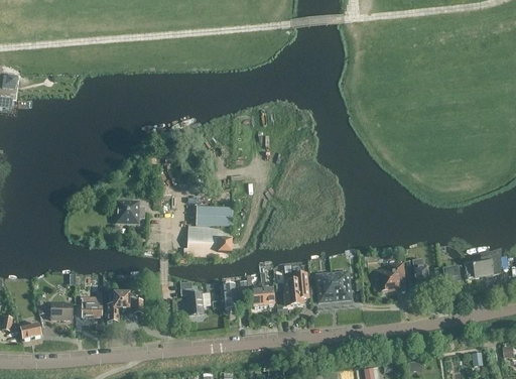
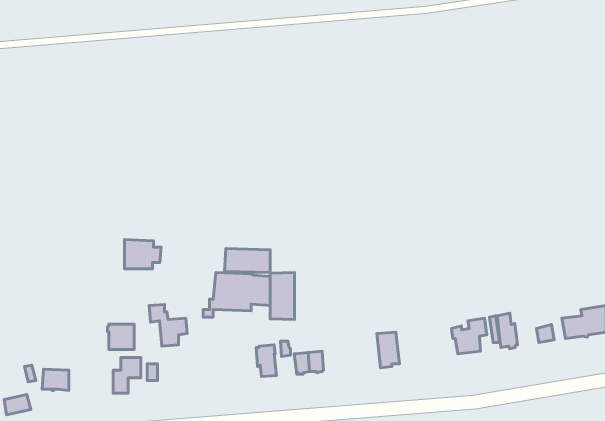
building: none -> [270,273,294,320]
building: [331,272,349,299] -> none
building: [283,273,307,304] -> none
building: [178,281,209,314] -> [149,304,187,346]
building: [80,296,101,317] -> [107,324,134,350]

